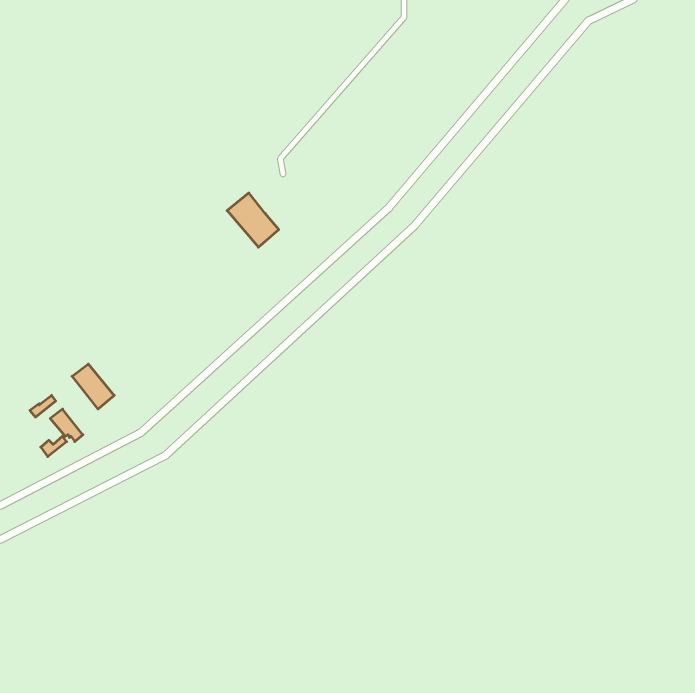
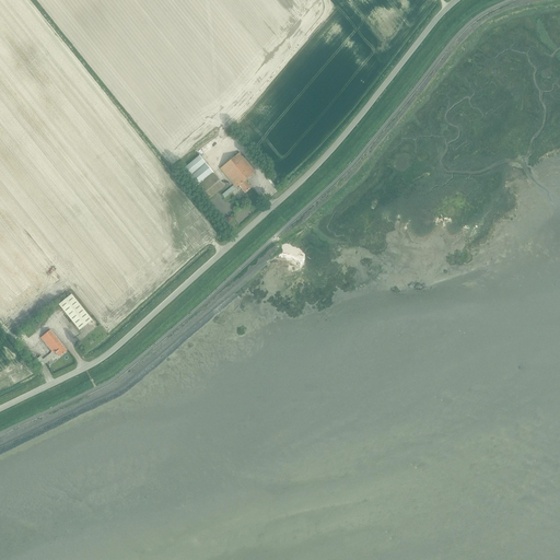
building: none -> [220,152,255,196]

